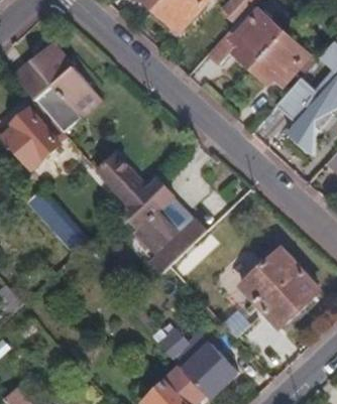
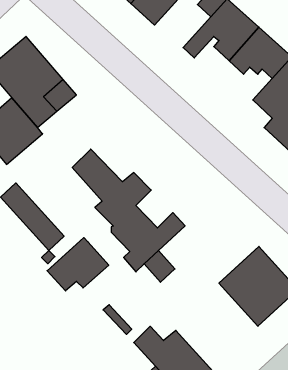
building: none -> [47,238,109,291]

